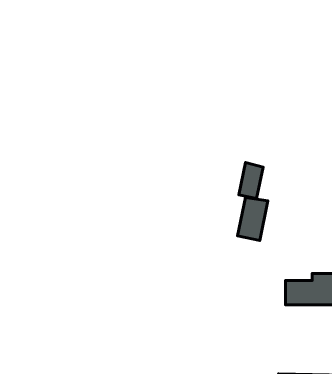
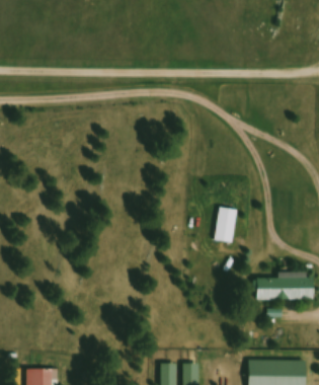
building: [239,162,263,199] -> none

